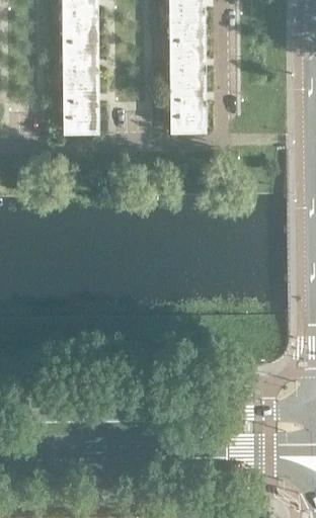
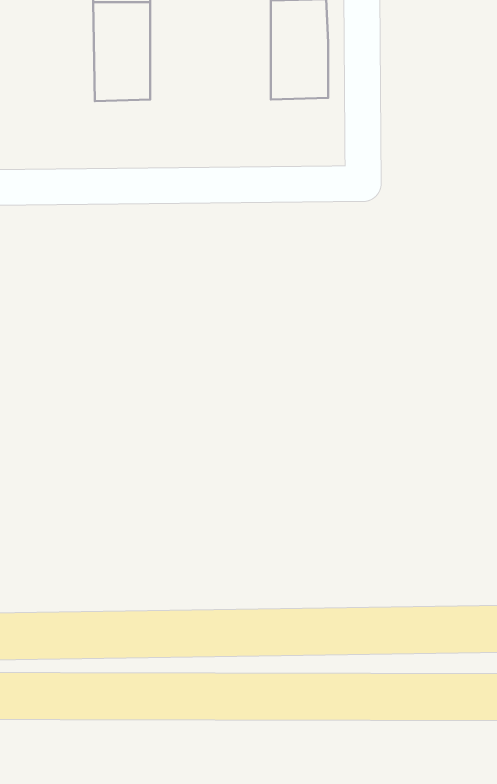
building: [169,93,204,127] -> none
building: [63,94,96,128] -> none

